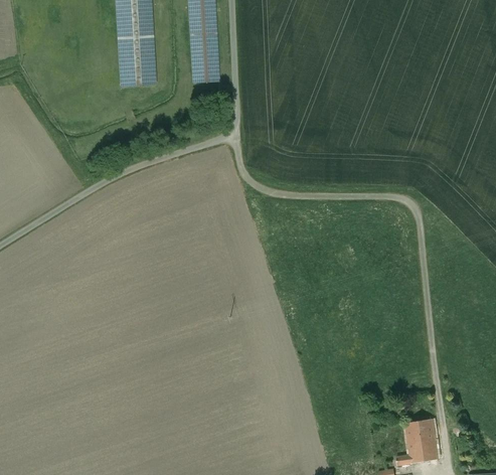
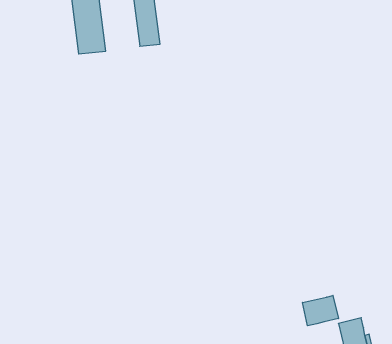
building: none -> [303,295,338,326]

